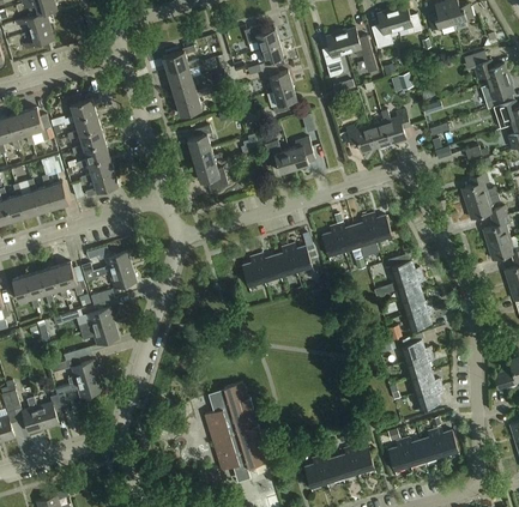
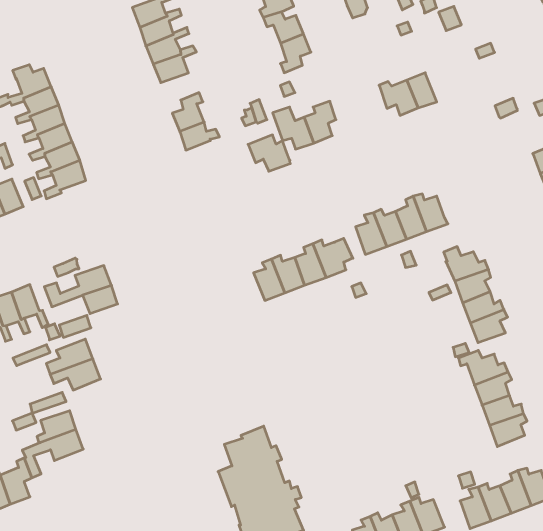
building: [380,108,409,144] -> none
building: [195,162,227,189] -> [248,135,290,171]

